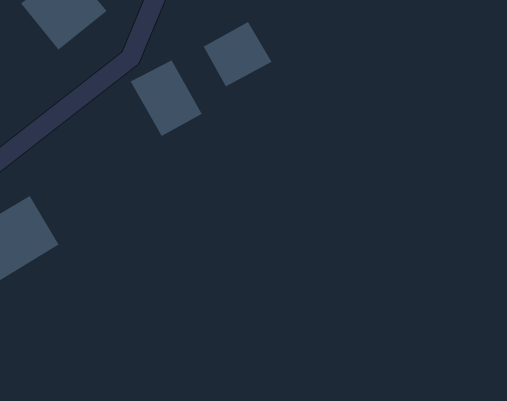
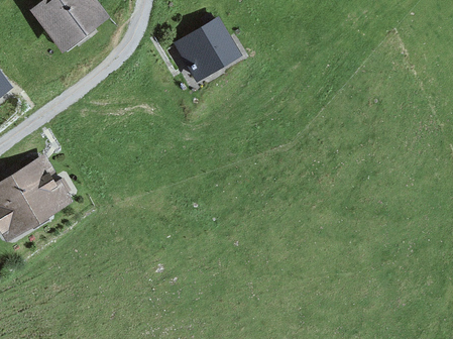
building: [130,59,202,137] -> none

